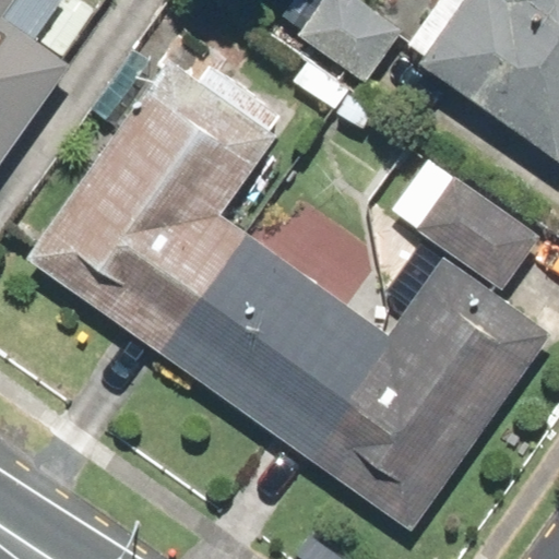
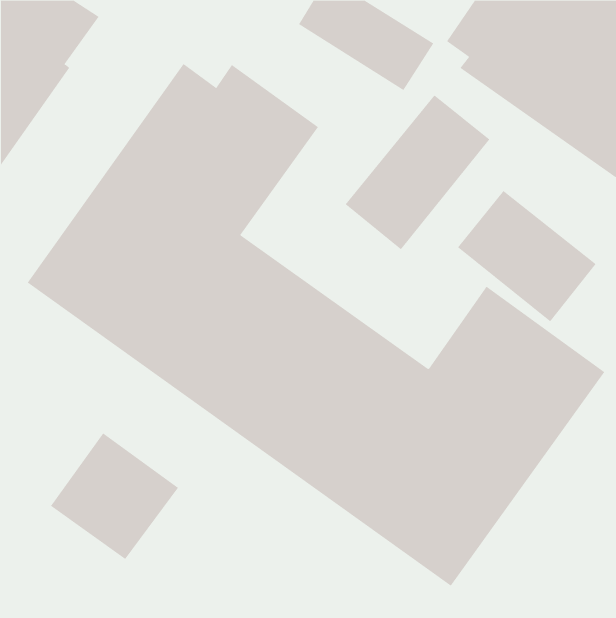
building: none -> [345,95,490,250]
building: none -> [50,433,179,560]

